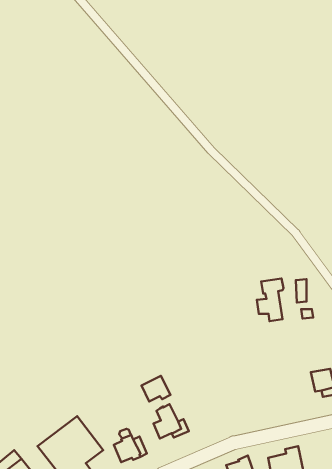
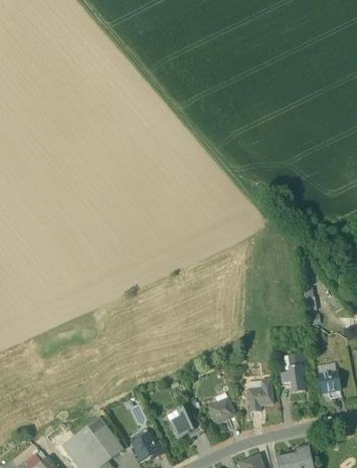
building: [257,278,284,321] -> [281,353,306,394]
building: [142,376,171,401] -> [209,398,236,422]
building: none -> [248,379,274,413]

